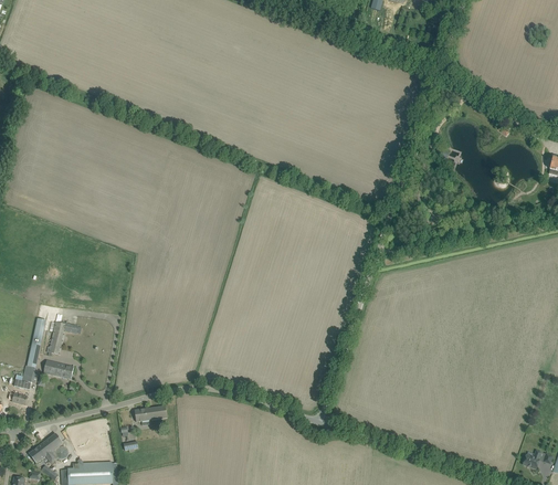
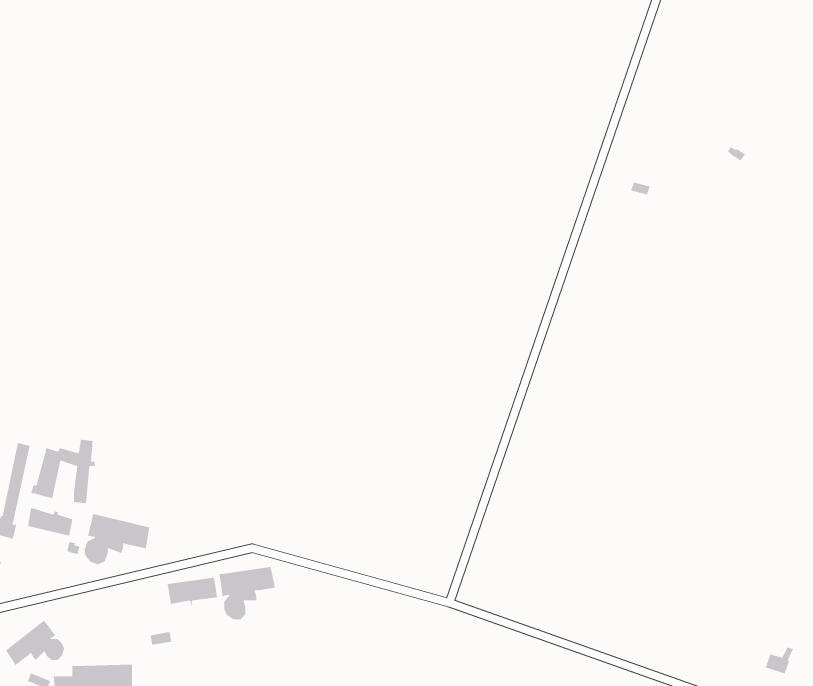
building: none -> [84,513,150,565]
building: none -> [219,566,276,620]

